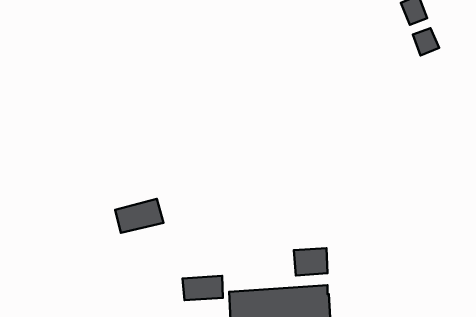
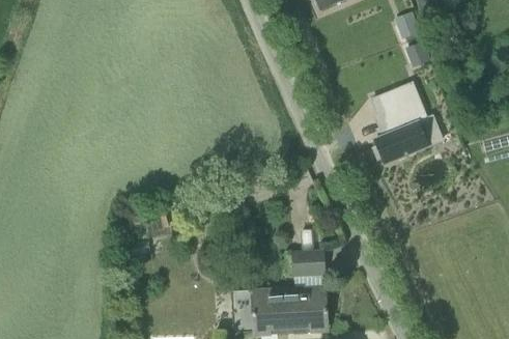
building: none -> [373,83,429,164]
building: [182,276,223,300] -> none

